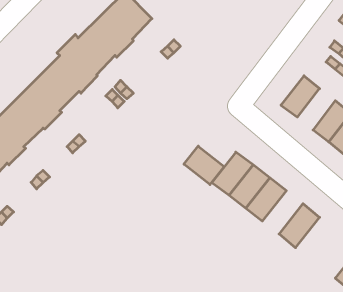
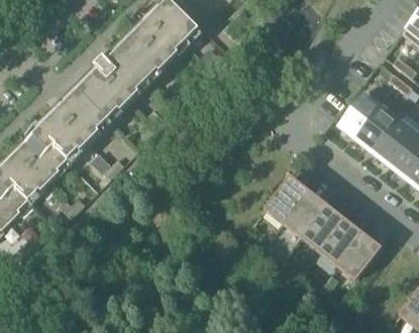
building: none -> [356,104,398,149]
building: [184,146,224,185] -> none
building: none -> [318,216,362,263]

